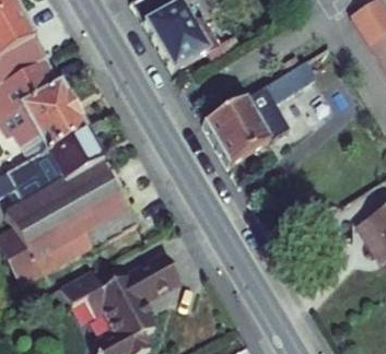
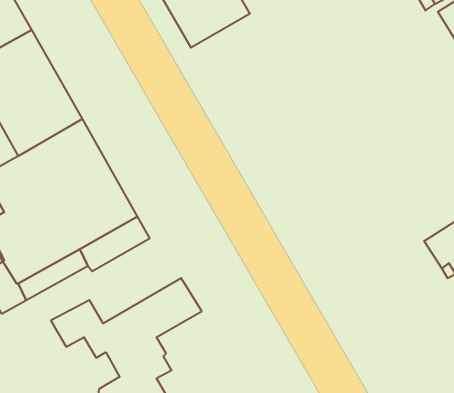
building: [203,59,316,164] -> none

